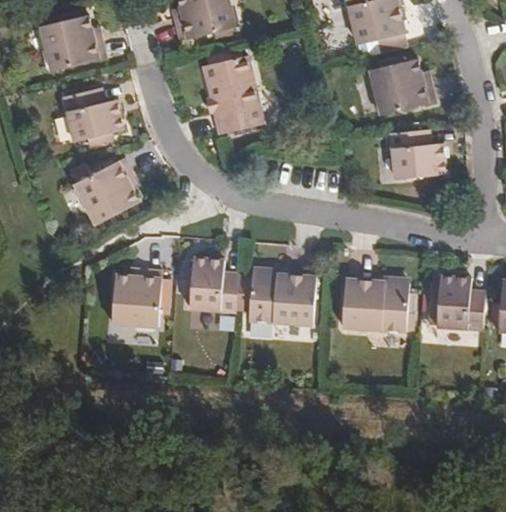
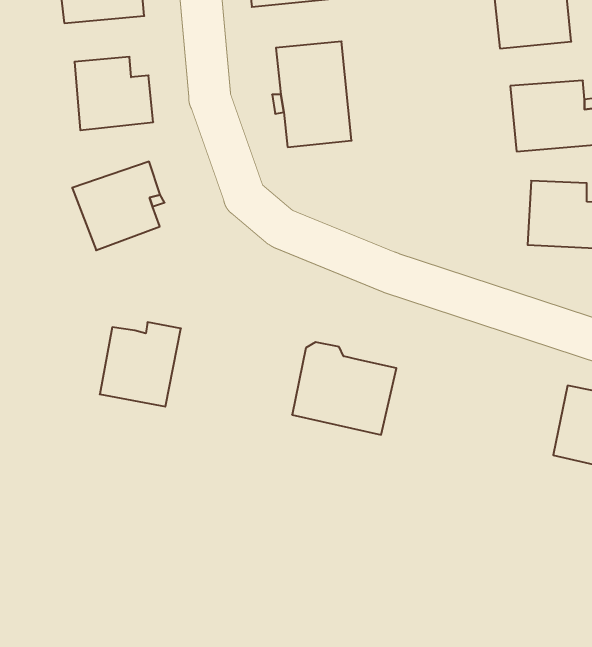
building: [188,257,238,310] -> none
building: [342,277,410,333] -> none

